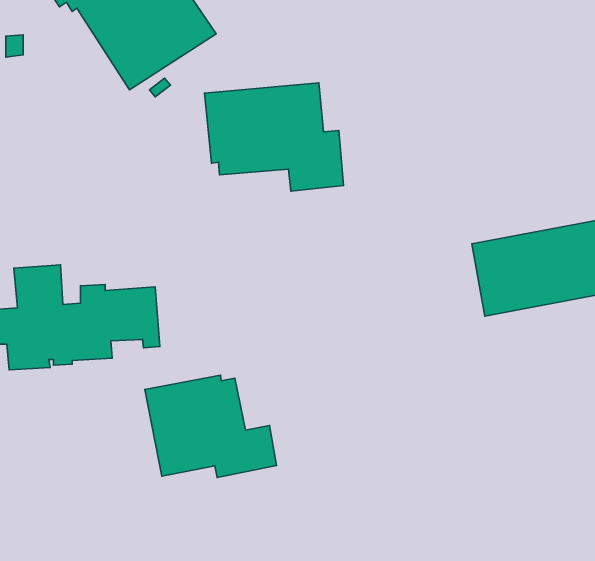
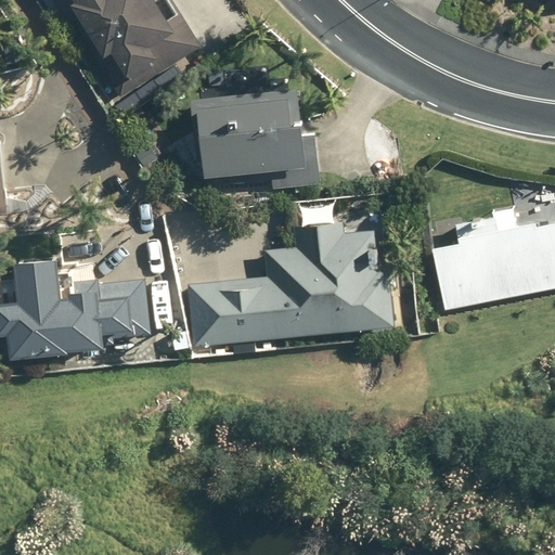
building: none -> [190,223,393,356]
building: [145,375,276,477] -> none

